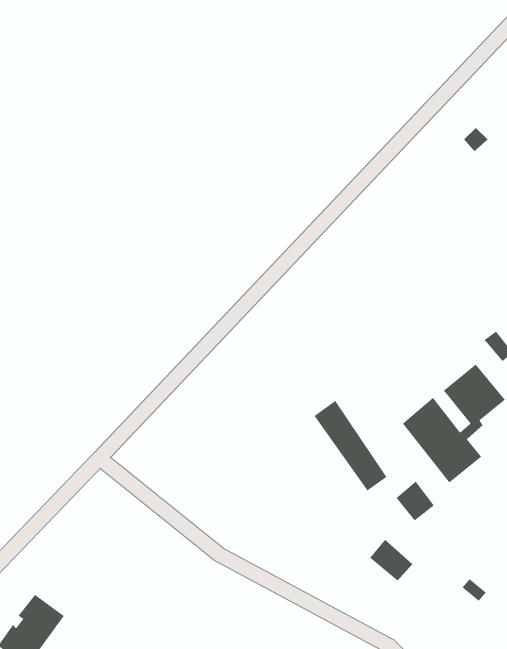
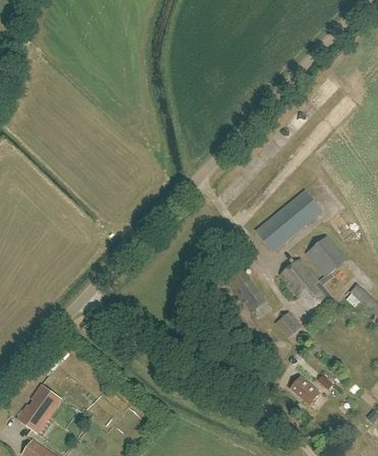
building: none -> [256,190,322,251]
building: [369,539,413,581] -> [290,377,319,404]

